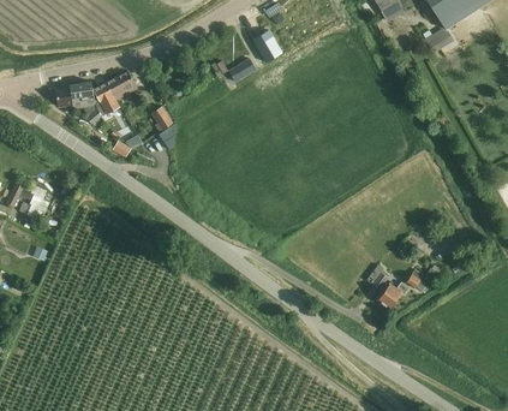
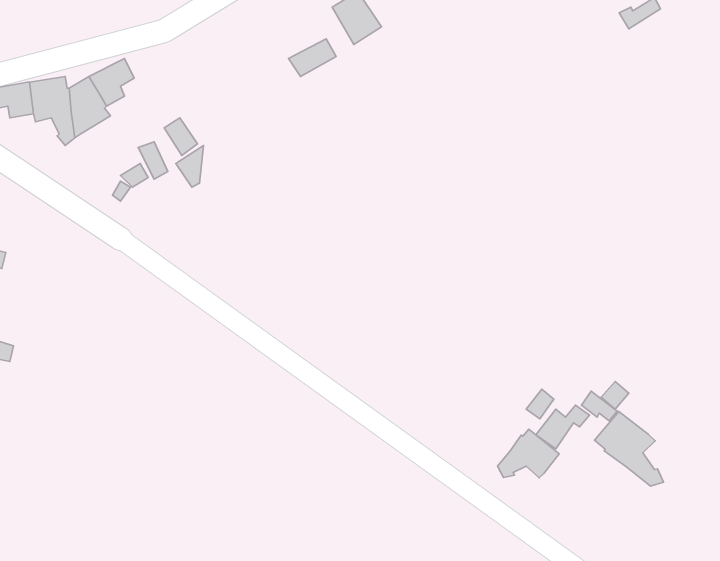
building: none -> [595,412,663,486]
building: none -> [498,429,559,478]

